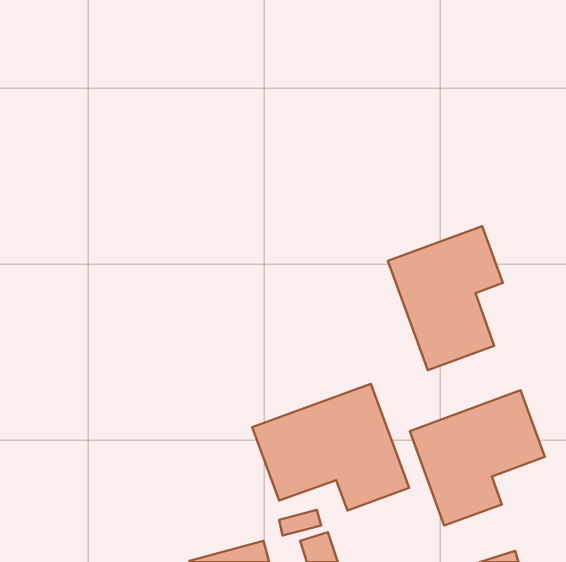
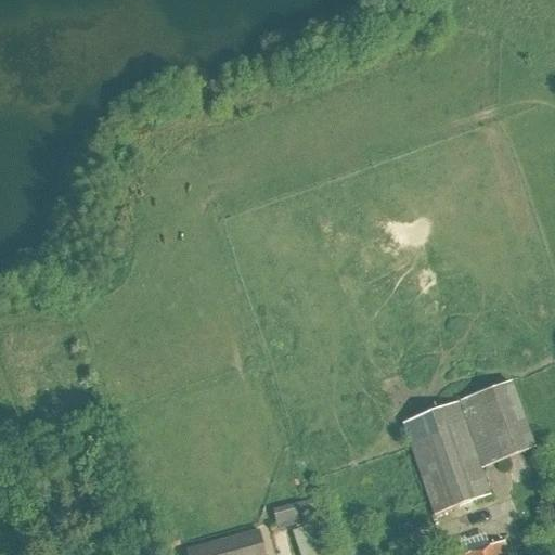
building: [388,226,503,370] -> none
building: [252,384,409,511] -> none

